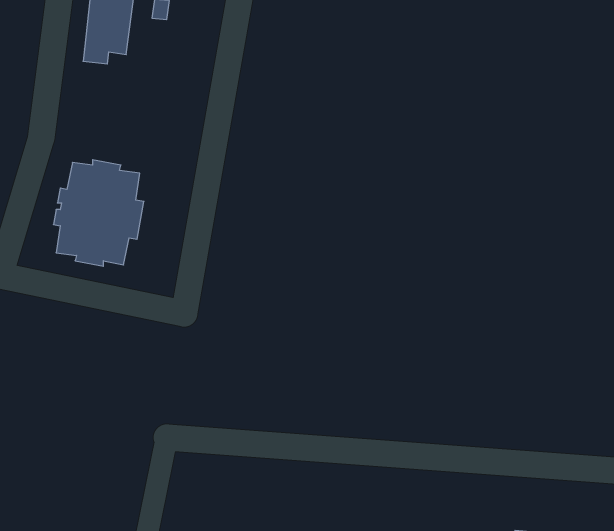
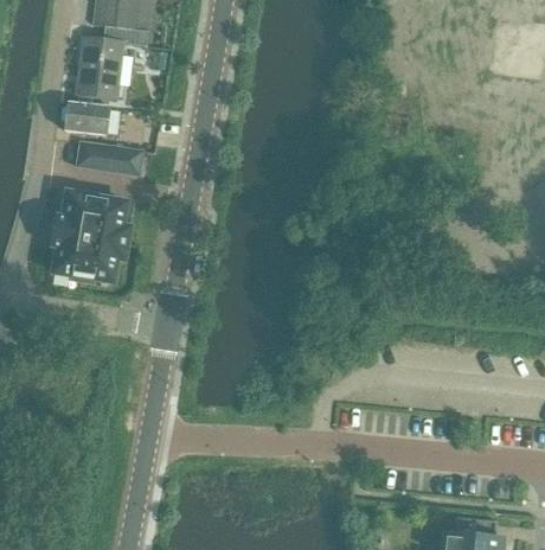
building: none -> [65,103,109,135]
building: none -> [76,141,142,175]

